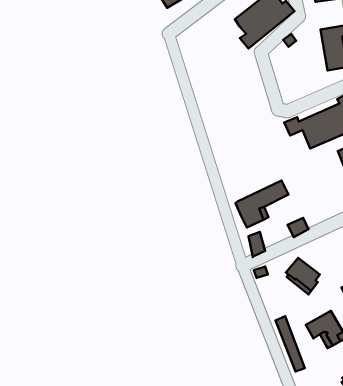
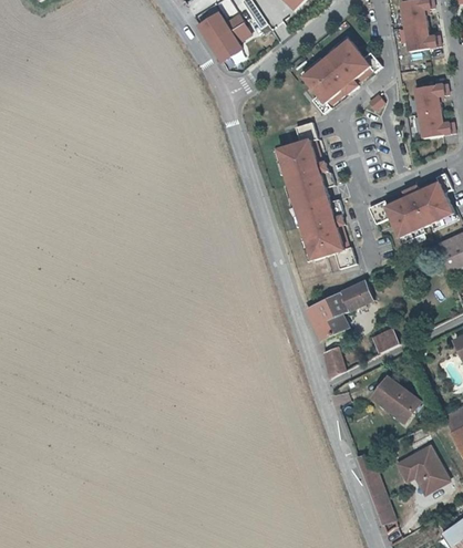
building: none -> [275,122,357,269]

